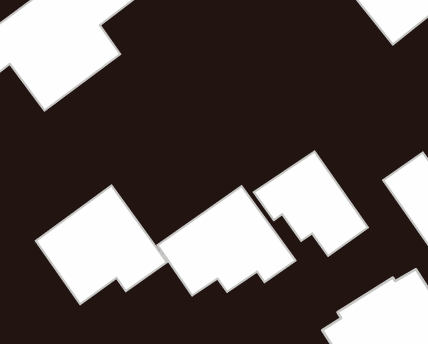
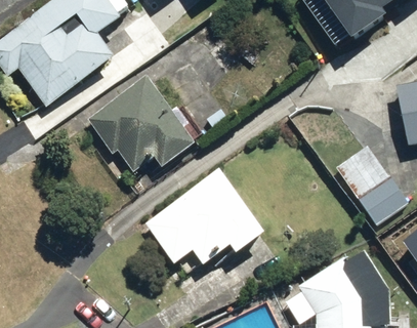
building: [254,151,368,256] -> none
building: [36,185,167,304] -> [81,77,193,178]

